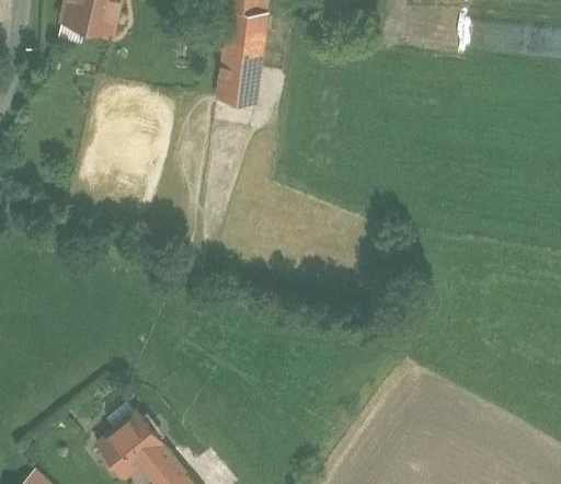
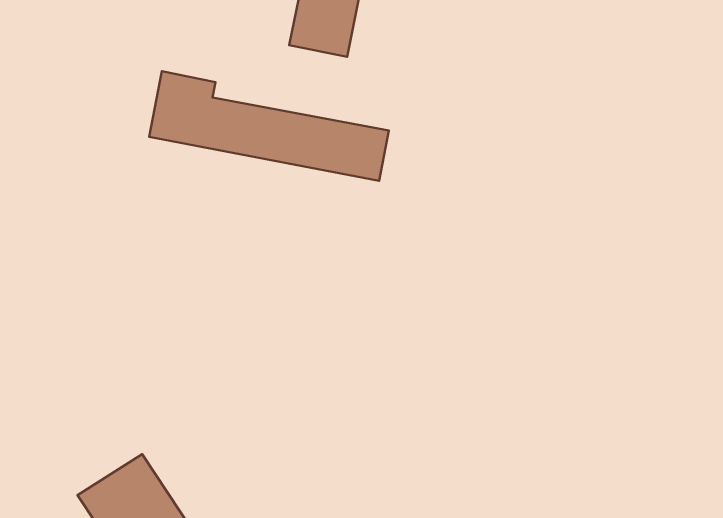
building: none -> [149,71,389,181]

